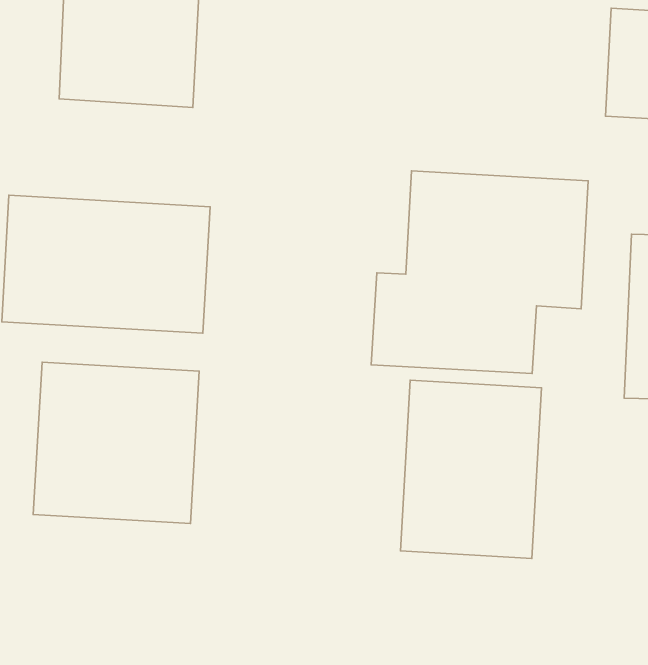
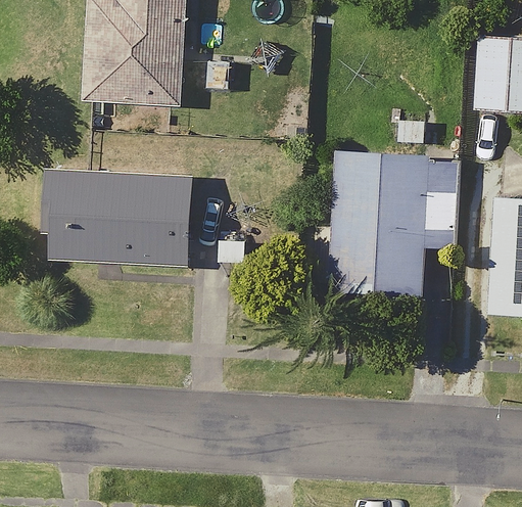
building: [33,362,199,523] -> none
building: [401,380,541,558] -> none

